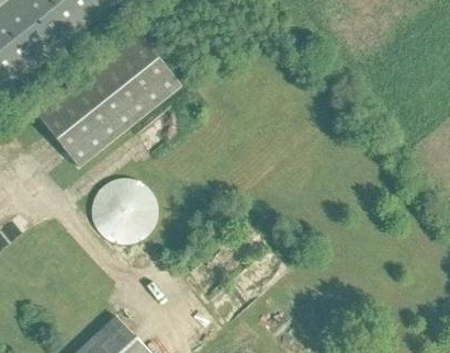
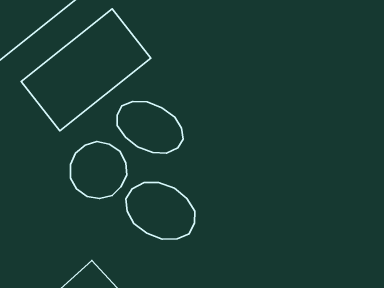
building: none -> [117,102,183,153]
building: none -> [126,182,195,239]

